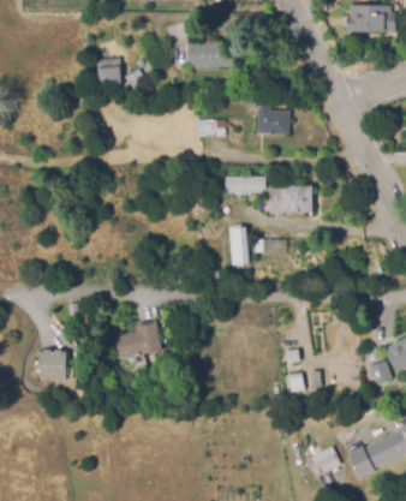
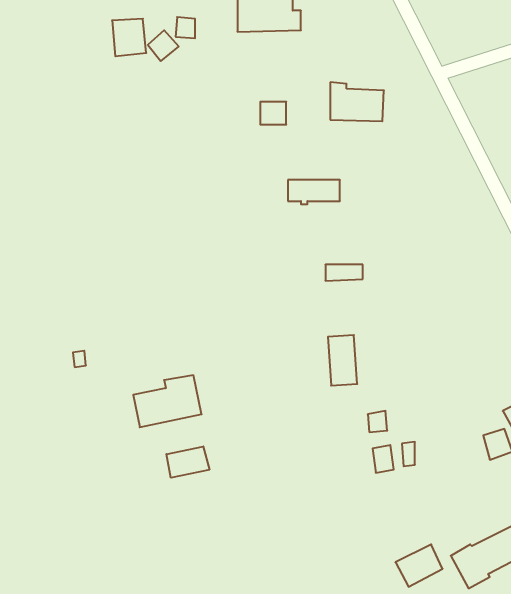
building: [269,185,312,214] -> none
building: [227,227,249,264] -> [328,335,357,386]
building: [38,351,65,378] -> none
building: none -> [166,446,209,478]

